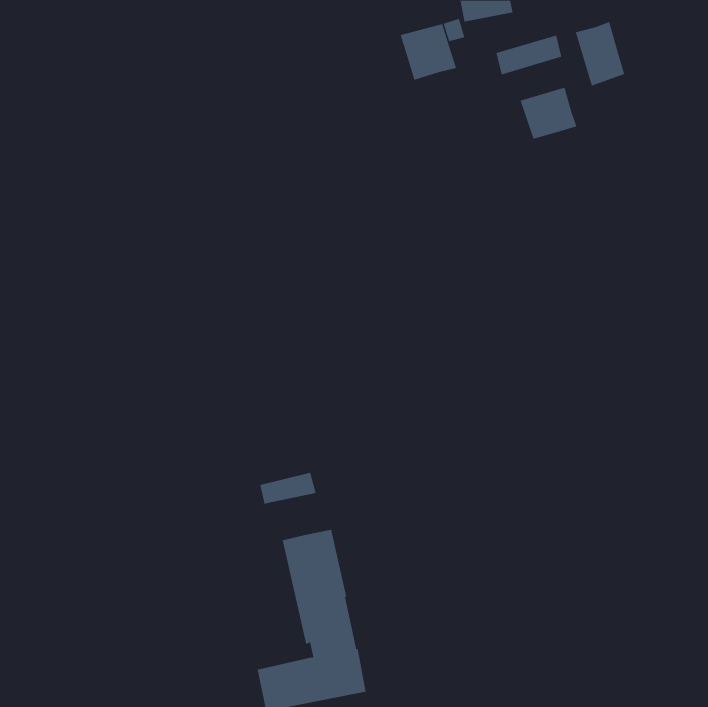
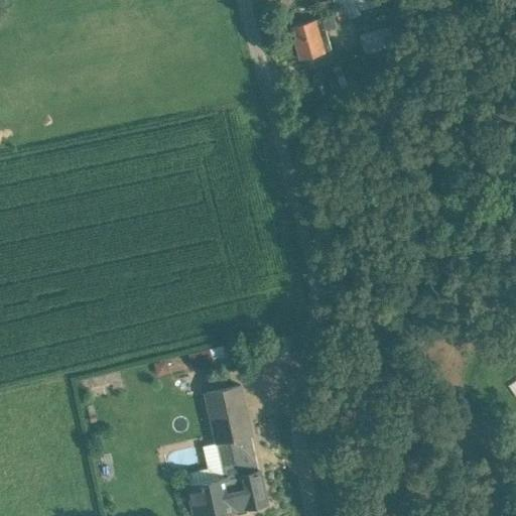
building: [575,21,625,87] -> none
building: [520,87,577,140] -> none

